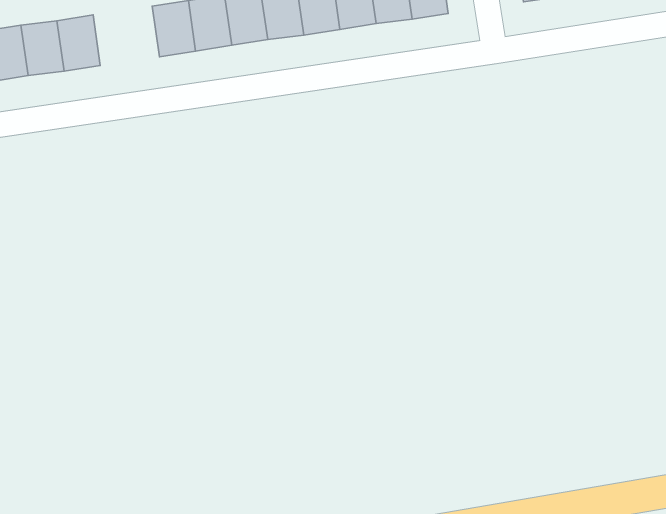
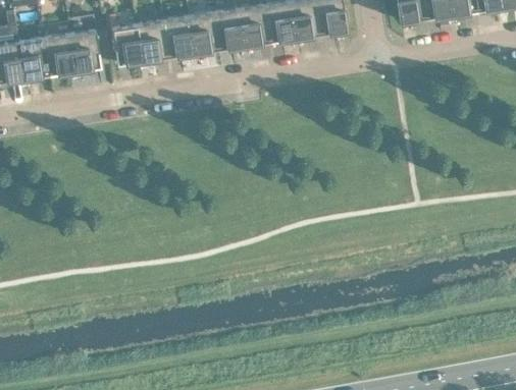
building: none -> [113,27,144,66]

